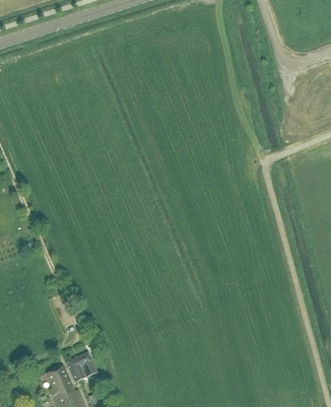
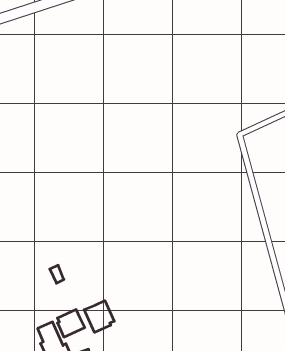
building: none -> [84,301,114,332]

